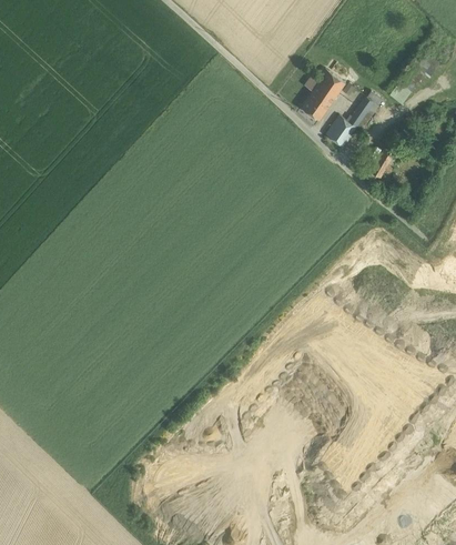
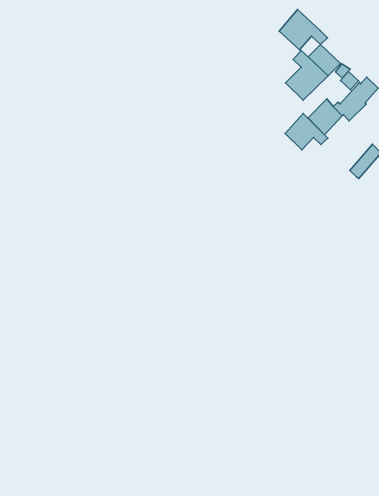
building: none -> [279,9,328,50]
building: none -> [285,114,328,150]

